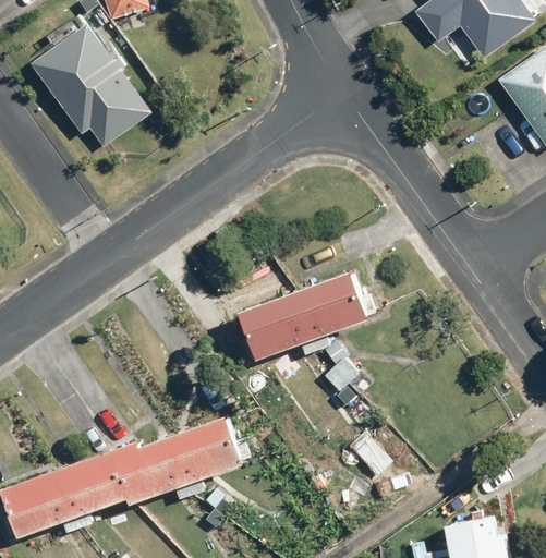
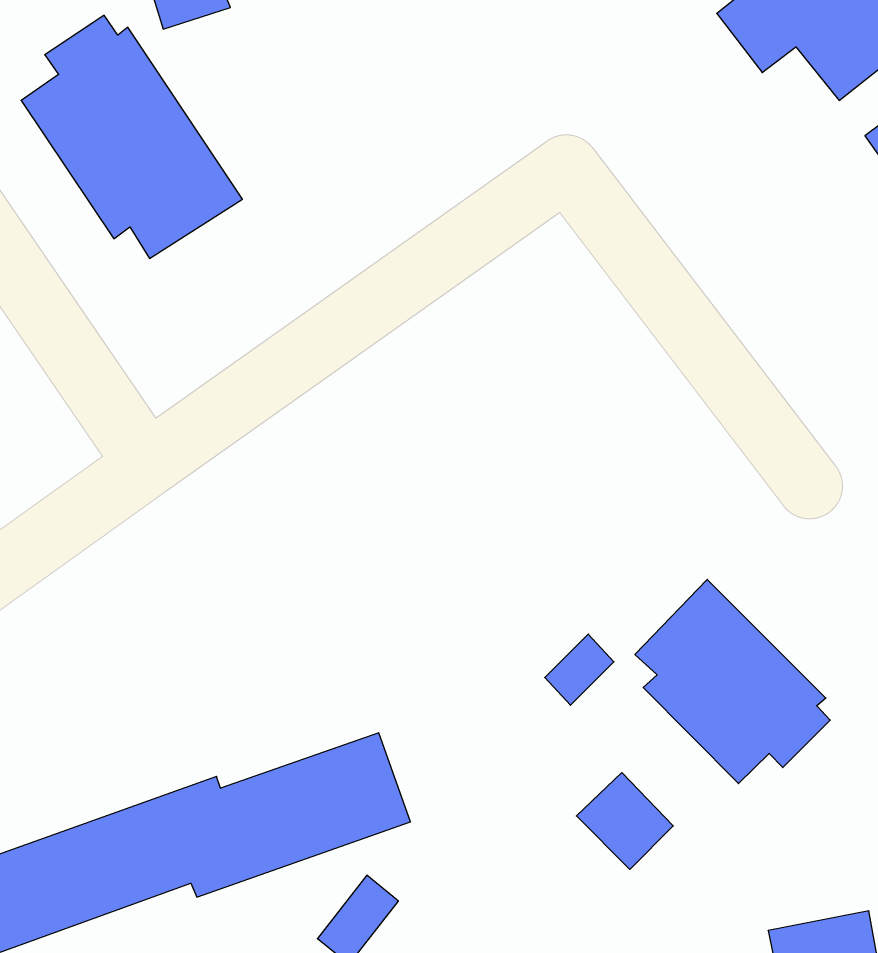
building: [243,267,372,356] -> none
building: none -> [635,579,830,784]

